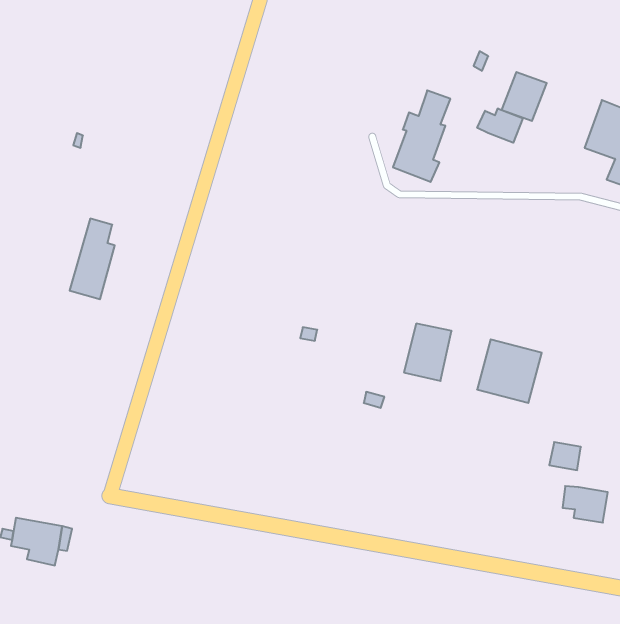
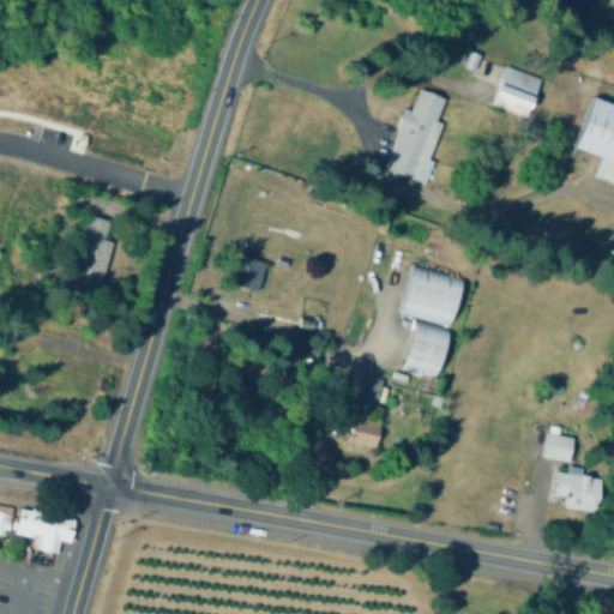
building: [477,108,523,143] -> none
building: none -> [237,259,269,290]
building: [477,339,542,403] -> [401,266,464,329]
building: none -> [351,415,384,447]

